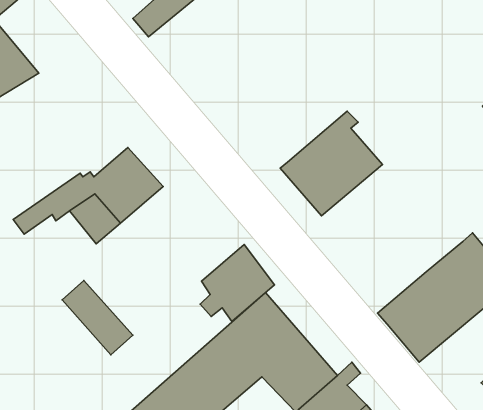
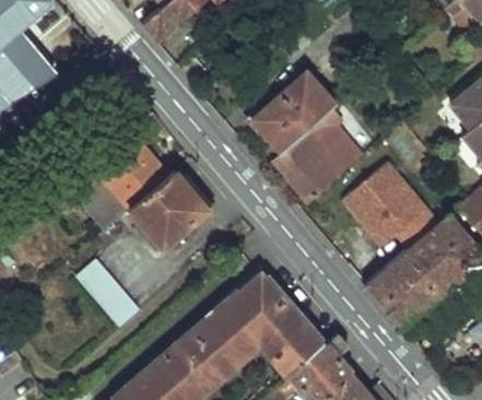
building: none -> [252,70,334,152]
building: none -> [339,163,437,250]
building: [200,245,275,321] -> [129,174,196,243]

